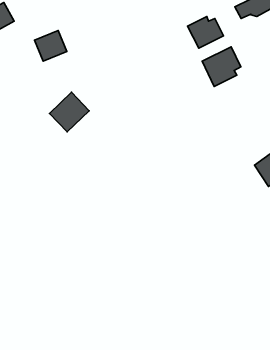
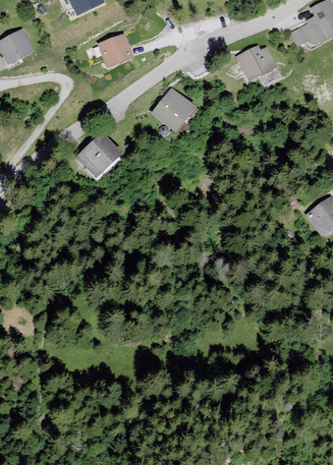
building: [34,31,67,61] -> [96,33,133,68]
building: [202,47,241,87] -> none
building: none -> [151,86,196,132]

